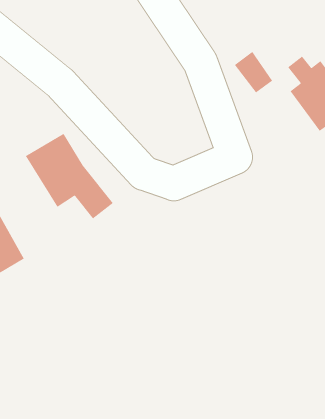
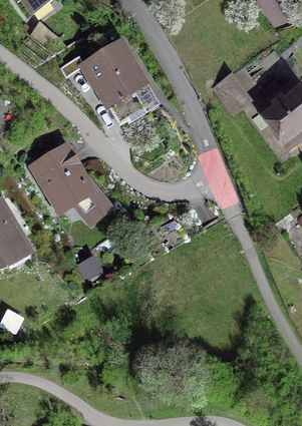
building: none -> [82,41,144,121]

